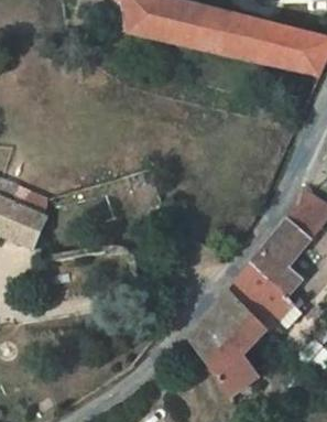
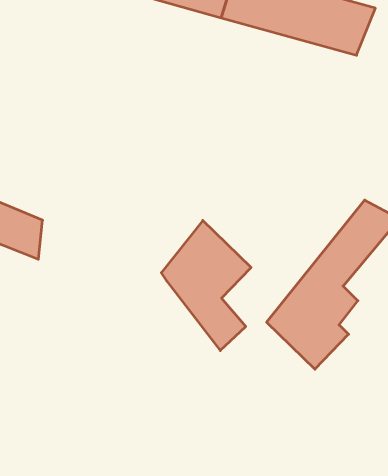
building: [193,294,266,401] -> [161,220,251,351]

